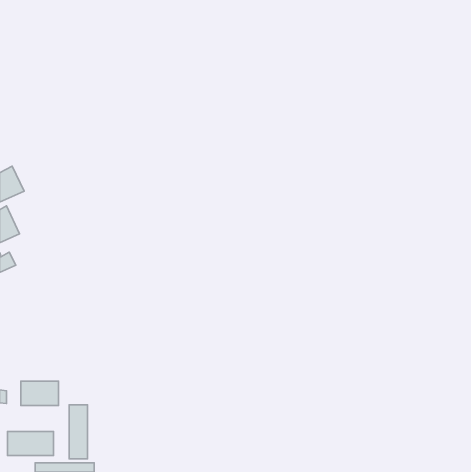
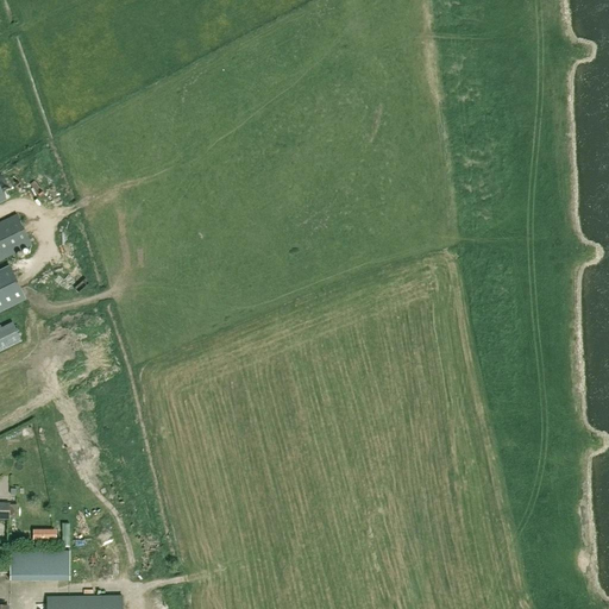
building: [21,381,58,406] -> none
building: [69,405,88,459] -> none

